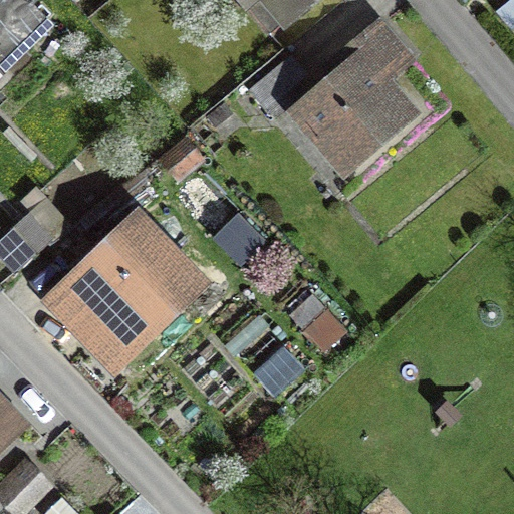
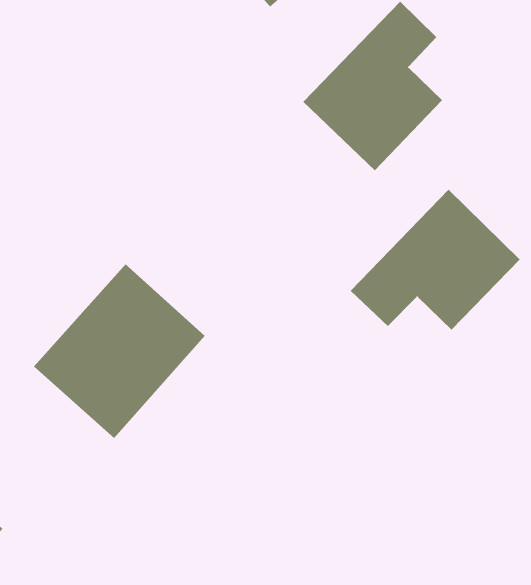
building: none -> [350,189,521,331]

